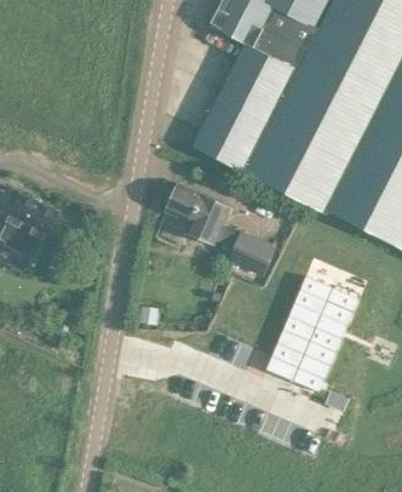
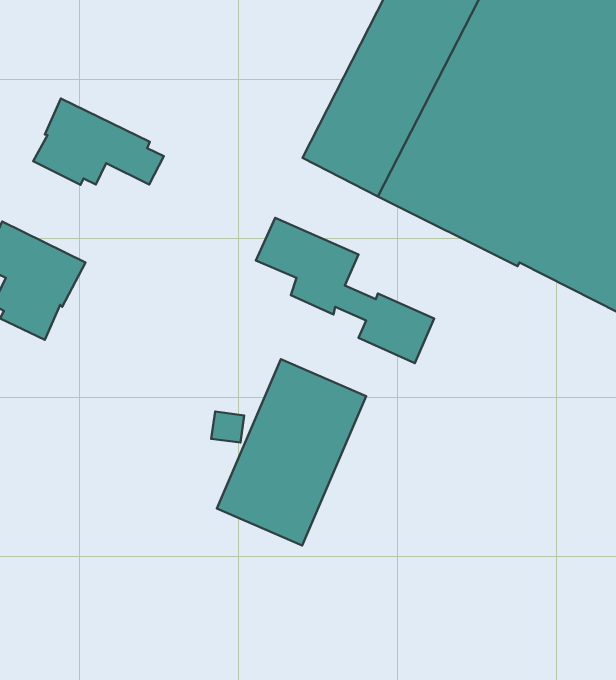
building: none -> [33,98,164,185]
building: [266,276,360,393] -> [217,359,366,545]

